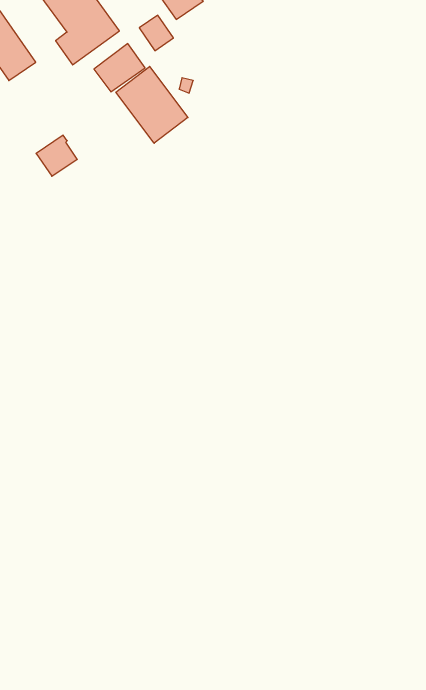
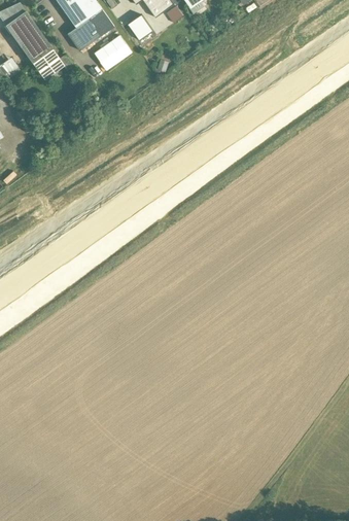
building: [116,66,188,143] -> none
building: [36,135,77,176] -> [32,48,62,78]

